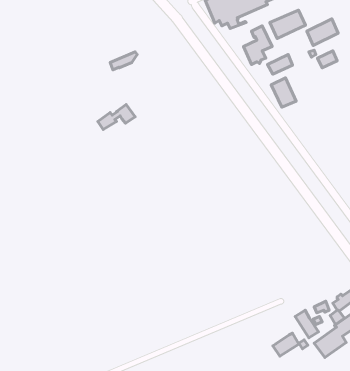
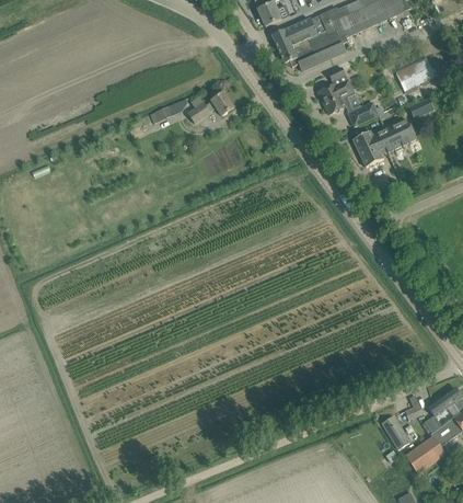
building: [270,10,306,39] -> [372,119,416,155]
building: [98,104,135,129] -> [188,92,234,123]
building: [273,333,299,356] -> none

